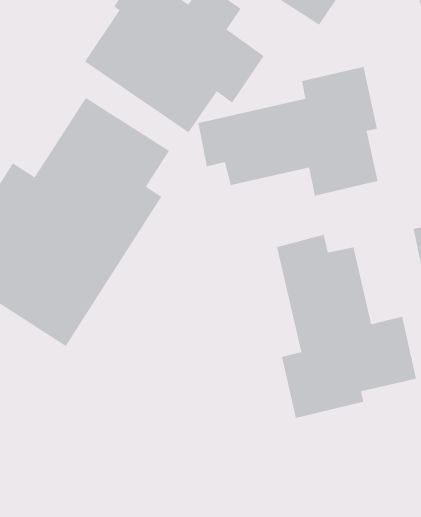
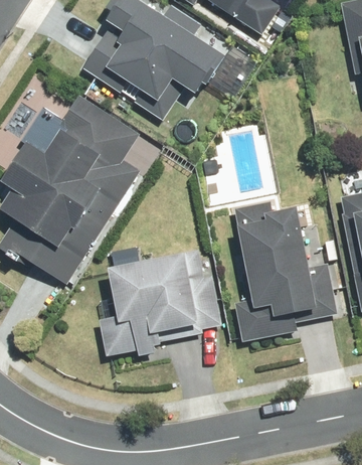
building: [198,66,378,196] -> none
building: none -> [99,250,223,363]

